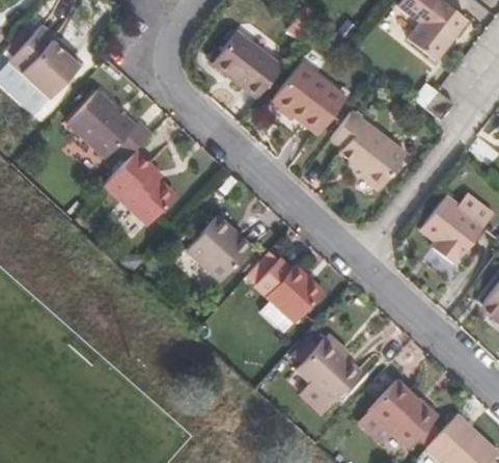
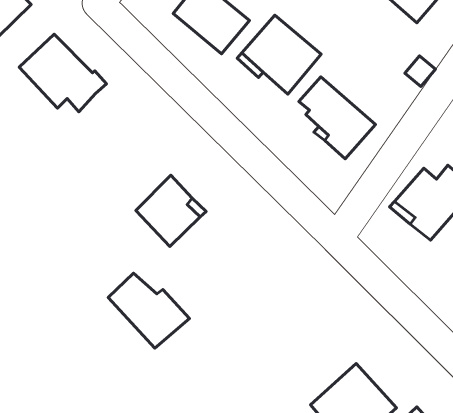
building: [114,144,184,218] -> none
building: [248,252,324,320] -> [108,273,189,348]
building: [297,336,365,404] -> none

